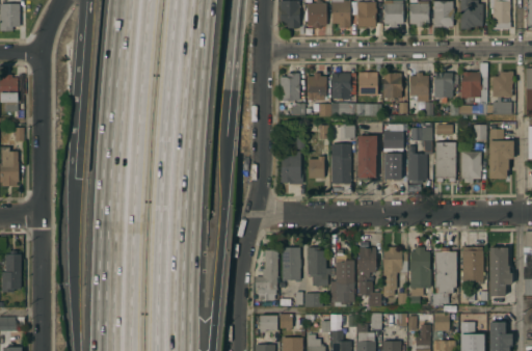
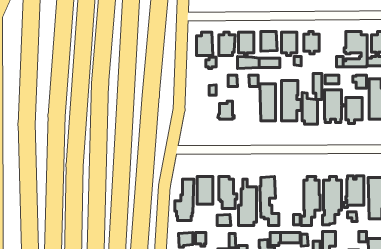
building: [434,73,458,98] -> none
building: [331,143,351,184] -> none
building: [281,151,301,184] -> none
building: [382,248,406,297] -> none

